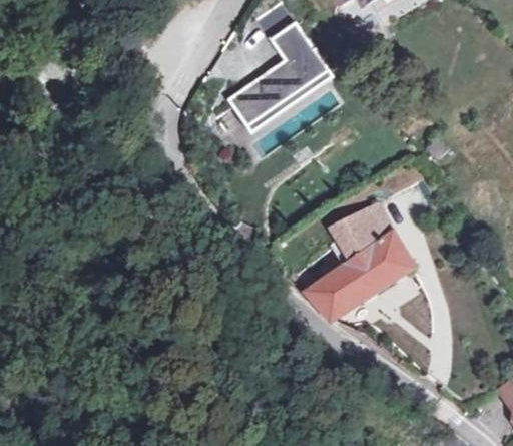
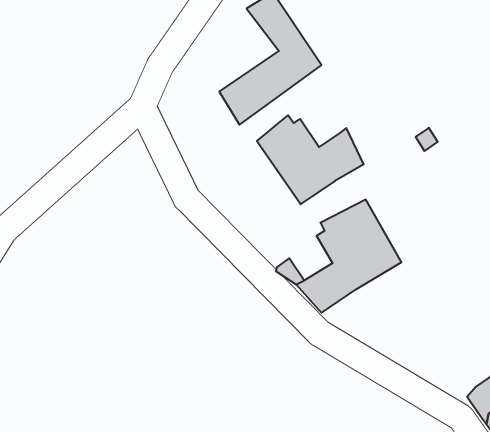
building: none -> [257,115,364,204]

